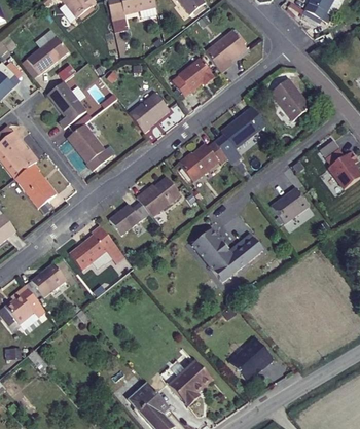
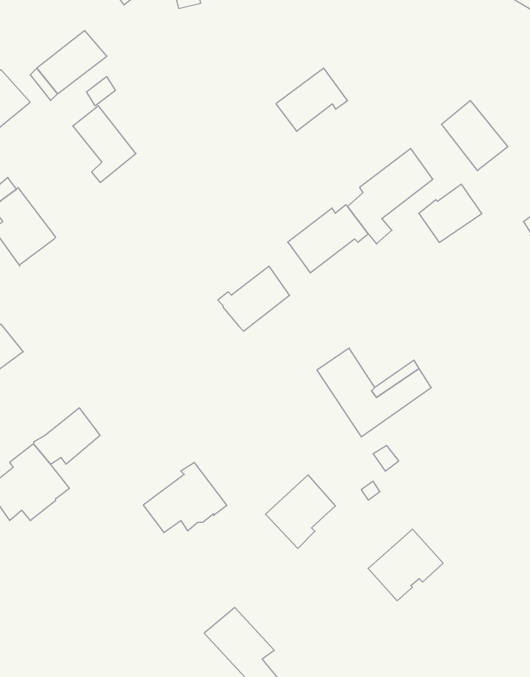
building: [205,29,246,72] -> none
building: [128,92,170,132] -> none
building: [68,121,114,169] -> none
building: [16,160,58,206] -> none
building: [269,188,308,223] -> [419,184,482,242]
building: [109,202,148,235] -> none
building: [70,226,120,269] -> [143,463,227,533]
building: [169,361,211,405] -> [265,475,335,548]

